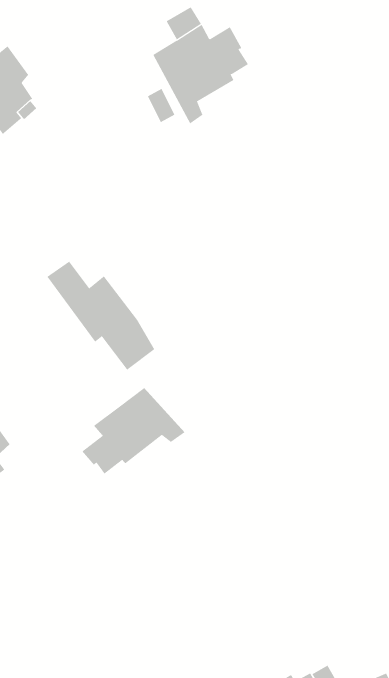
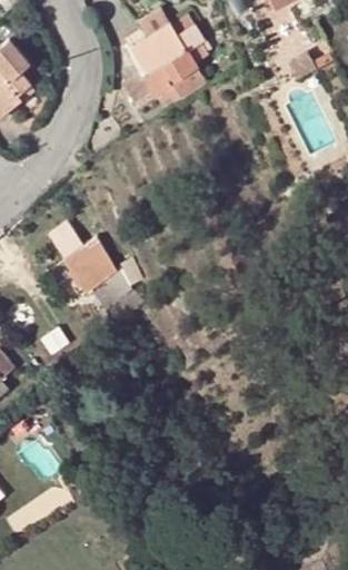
building: [82,387,185,474] -> none

